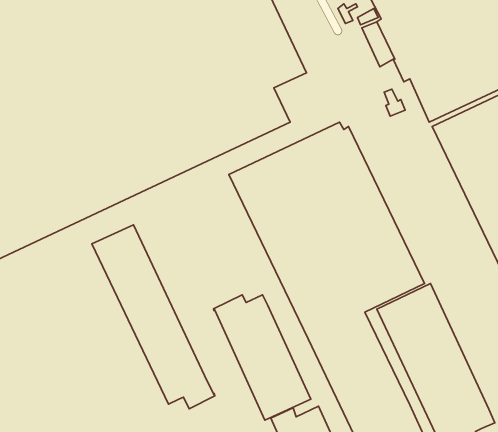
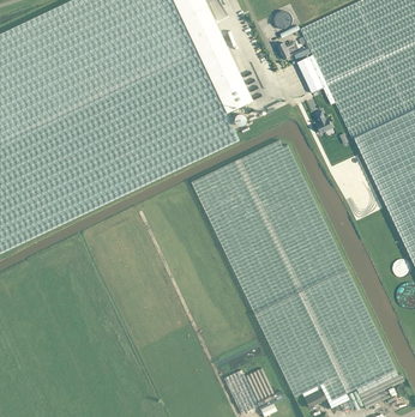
building: [92,225,215,409] -> none
building: [214,295,311,420] -> none

